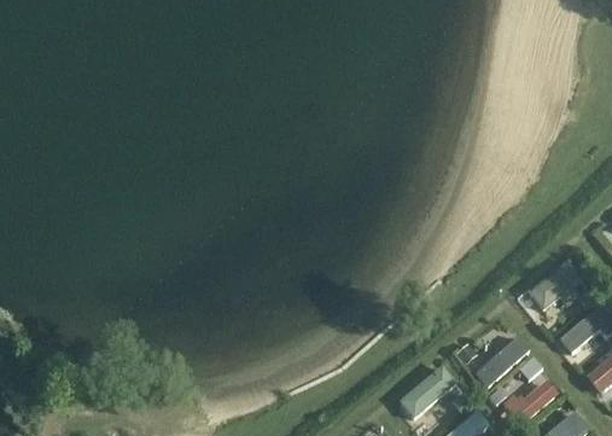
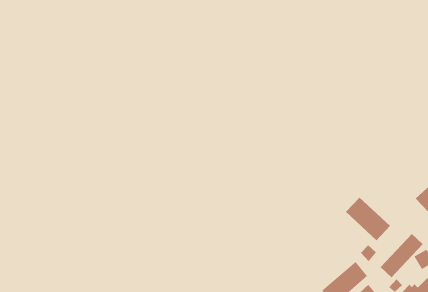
building: none -> [345,197,391,241]

